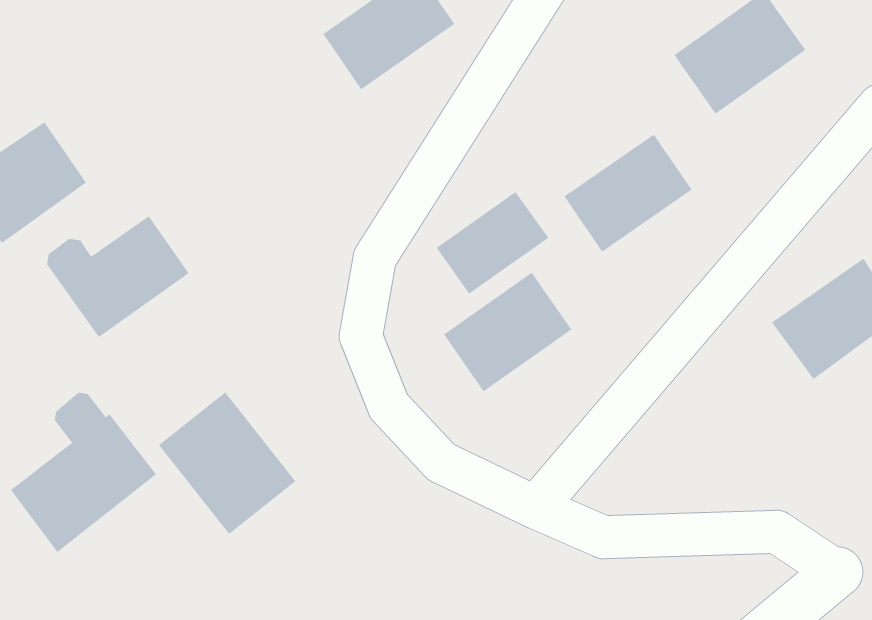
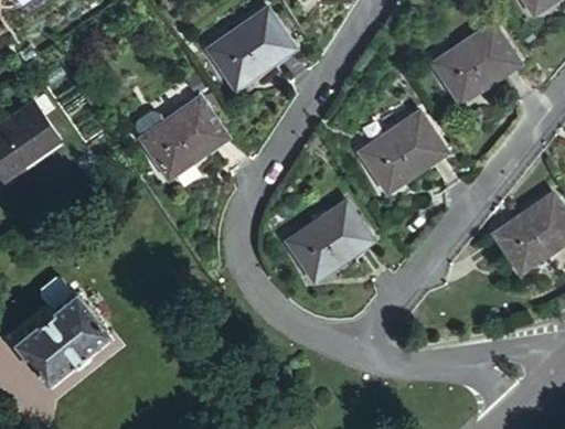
building: [436,191,549,295] -> none
building: [46,216,189,338] -> [137,101,227,179]
building: [158,392,296,535] -> none

